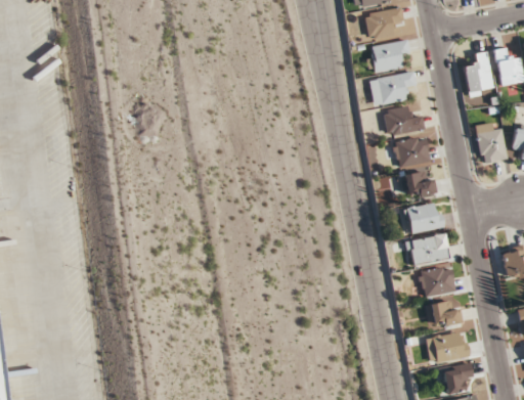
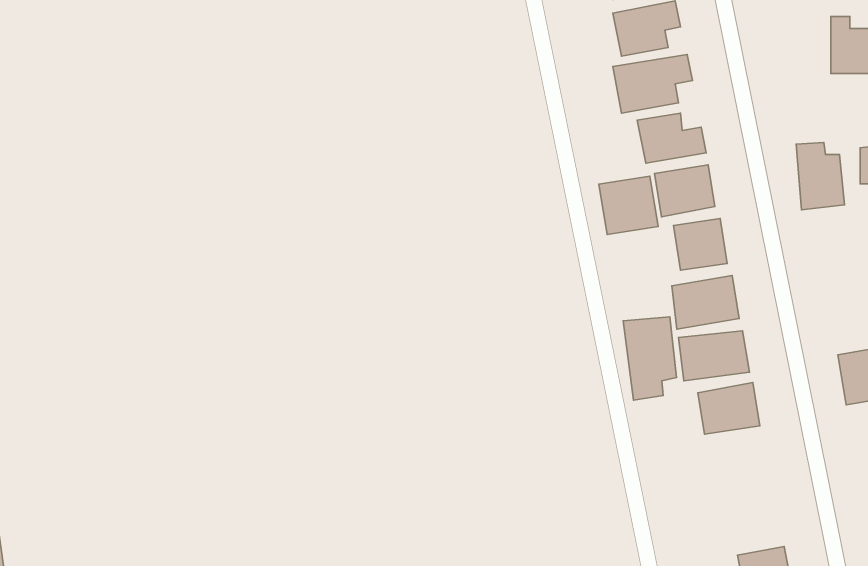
building: [463,50,493,95] -> none
building: none -> [599,176,658,235]
building: none -> [623,317,676,400]
building: [429,300,463,326] -> none
building: [431,330,469,362] -> none

